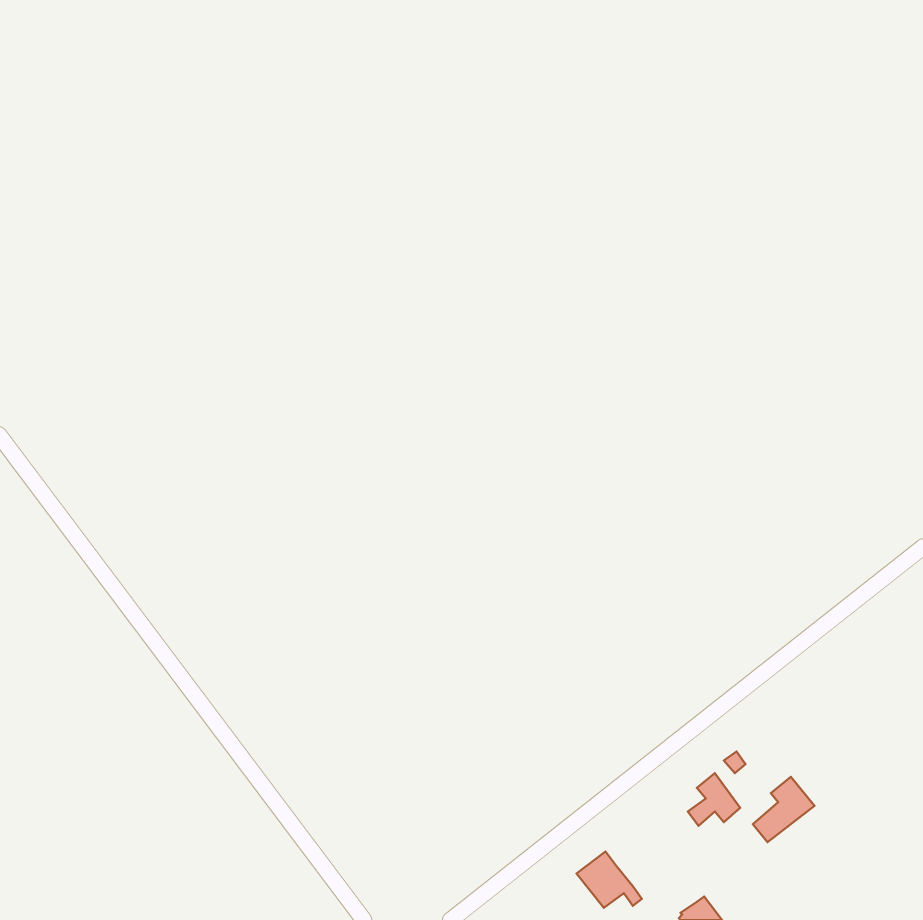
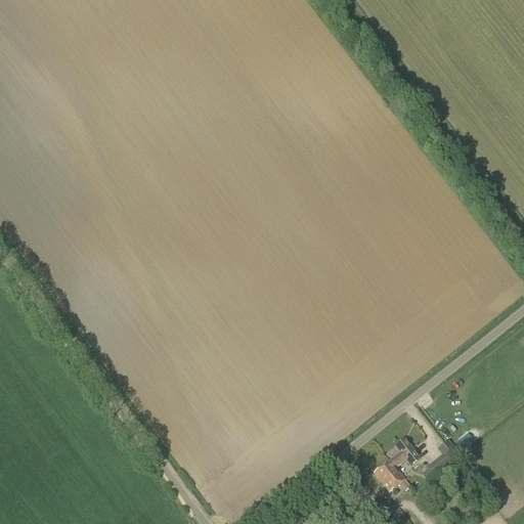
building: [577,852,642,908] -> [373,458,409,490]

